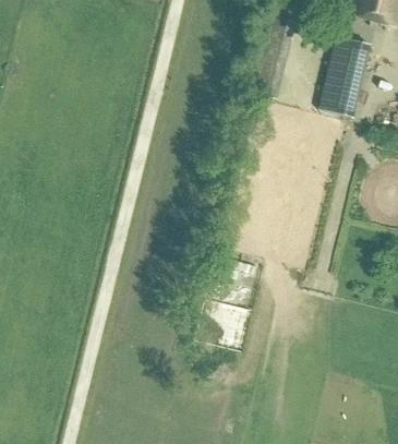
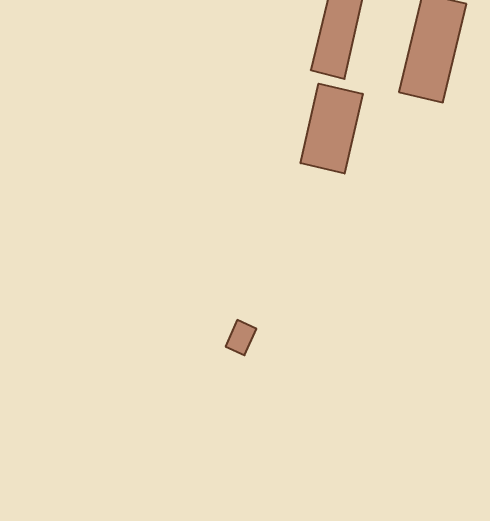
building: none -> [301,84,363,174]

